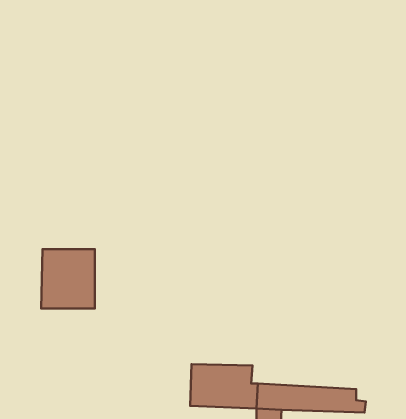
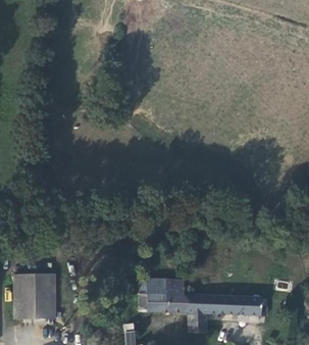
building: [41,249,95,309] -> [15,272,55,315]

